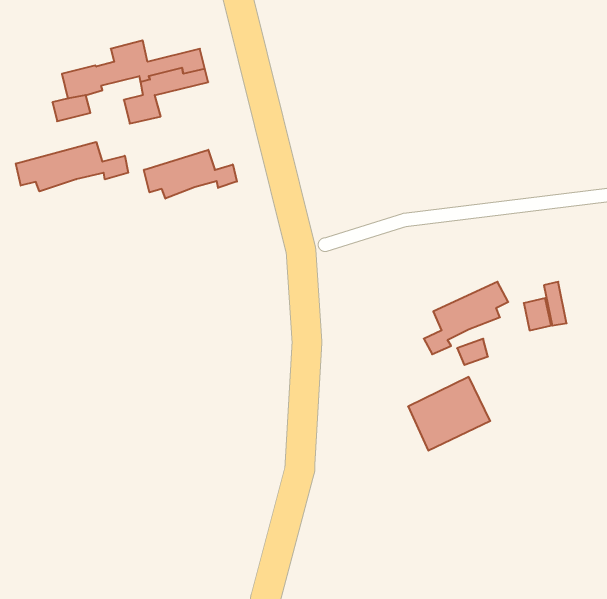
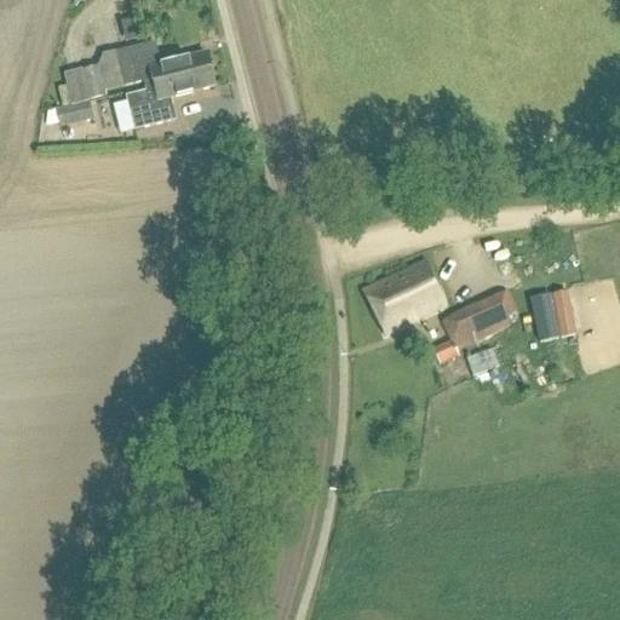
building: [16,142,128,191] -> none
building: [144,150,237,199] -> none
building: [408,377,490,451] -> [364,258,448,333]

